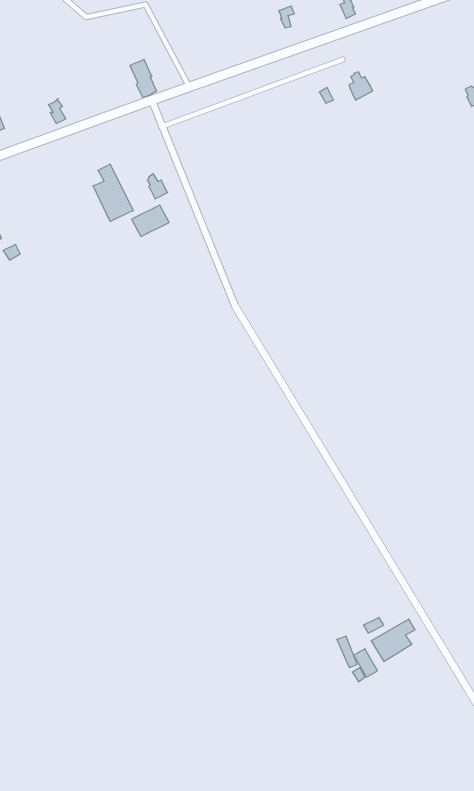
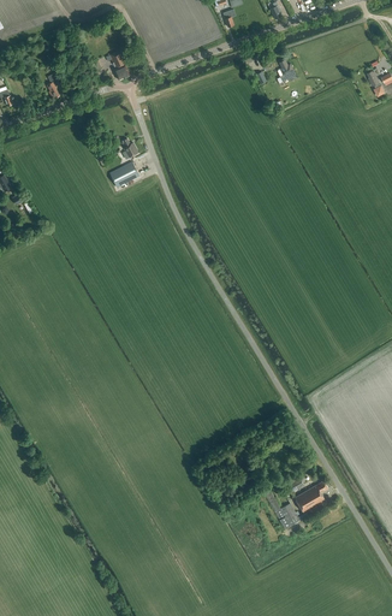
building: [93,164,133,221] -> none

